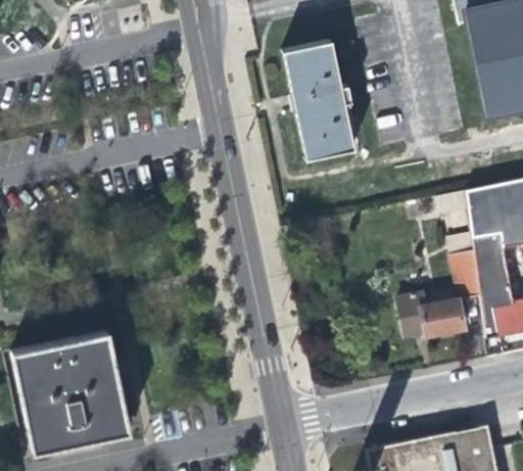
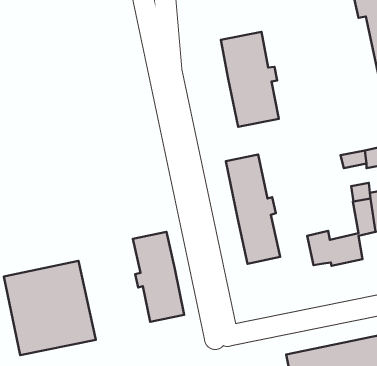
building: none -> [226,154,280,264]
building: none -> [133,232,184,322]

